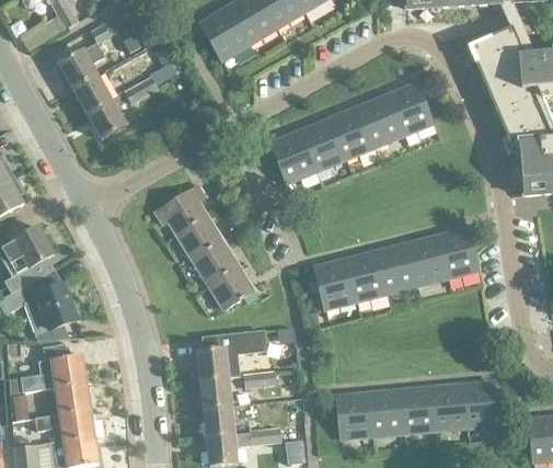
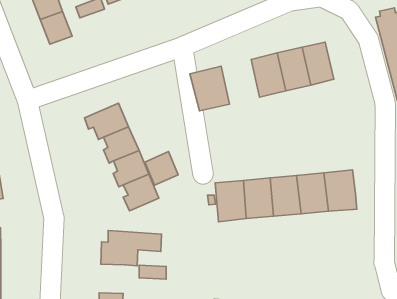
building: [301,116,350,171] -> none
building: none -> [145,152,178,185]
building: [200,373,231,409] -> none

